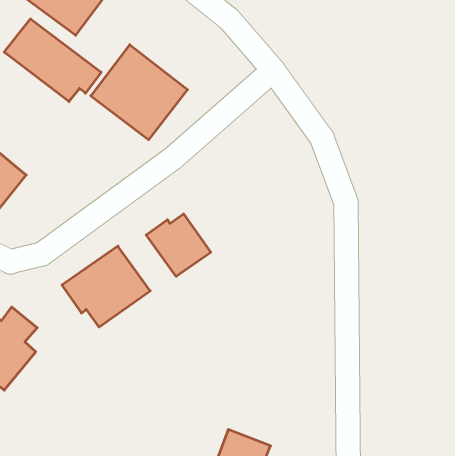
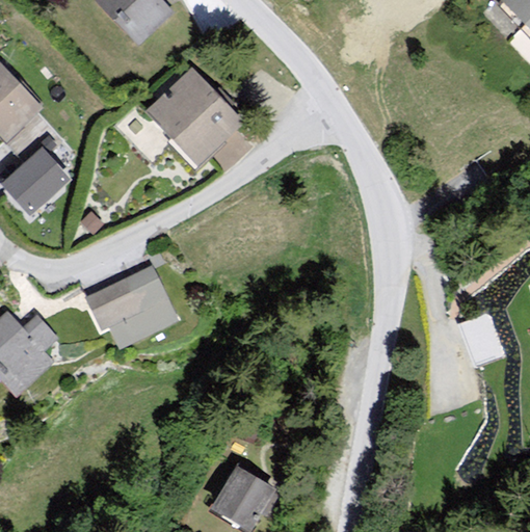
building: [4,19,101,102] -> none
building: [146,214,211,276] -> none

